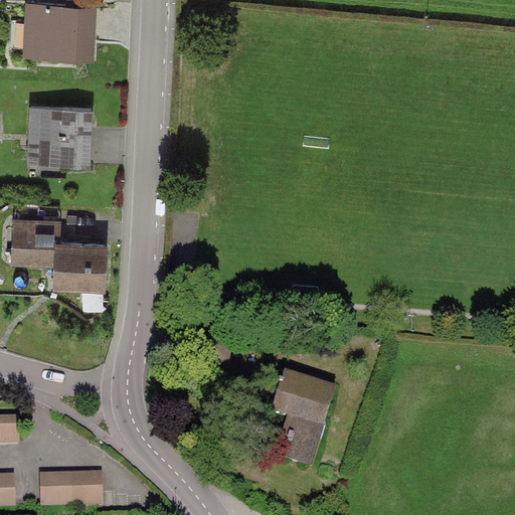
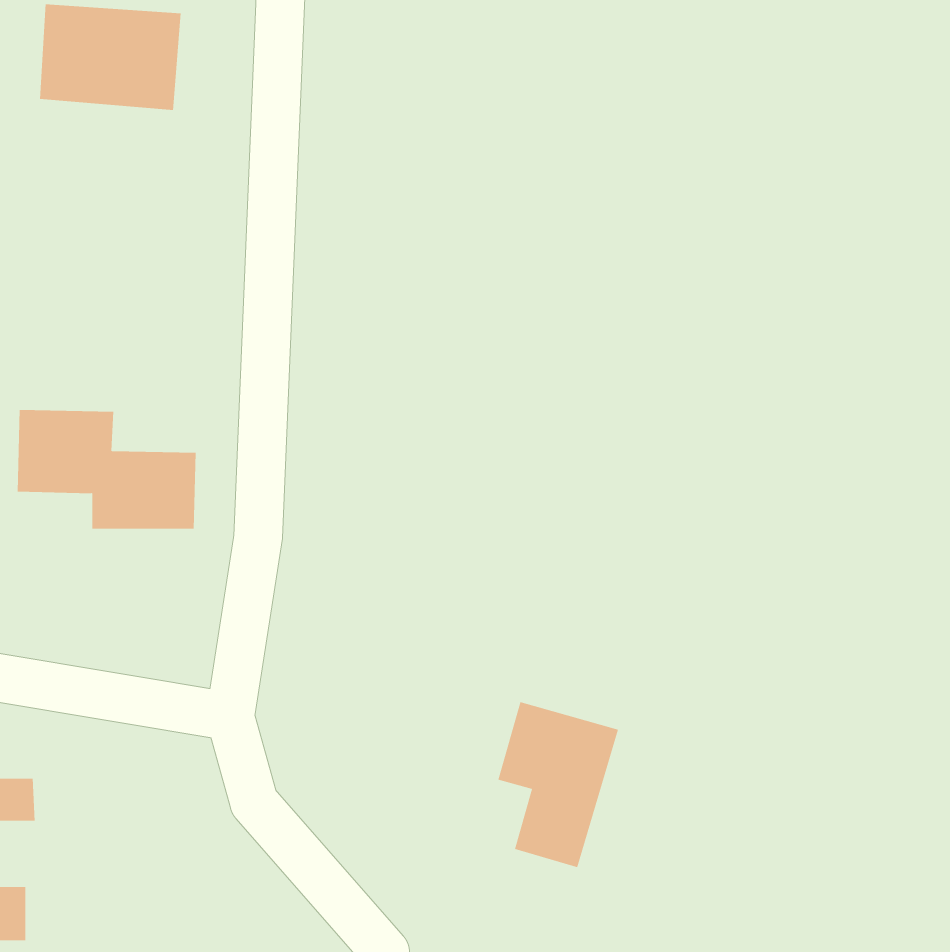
building: [27,109,92,165] -> none
building: [40,475,101,503] -> none

